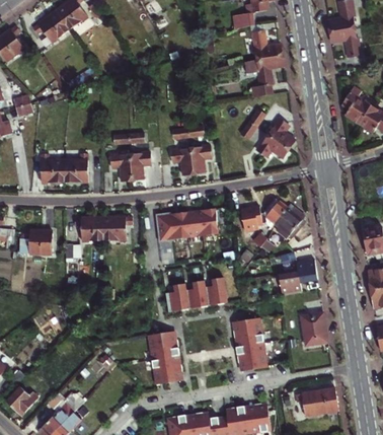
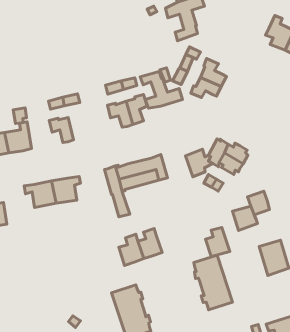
building: none -> [140,71,182,108]
building: [130,152,150,179] -> none
building: [200,279,222,306] -> [206,228,230,256]

